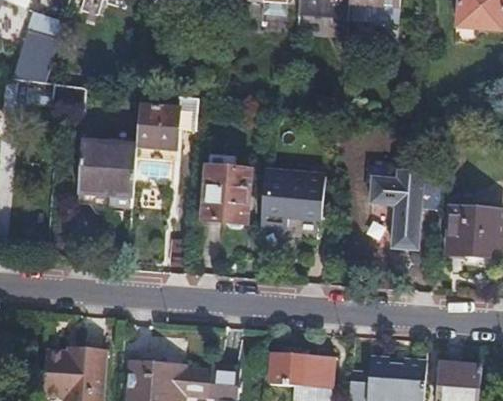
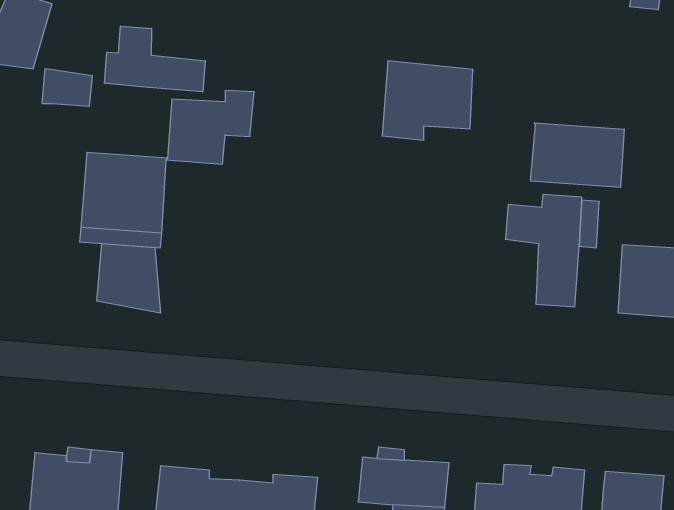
building: none -> [104,26,205,92]
building: none -> [531,123,624,187]
building: [204,165,251,222] -> none
building: [261,170,324,225] -> [382,61,473,140]
building: none -> [97,244,160,313]

